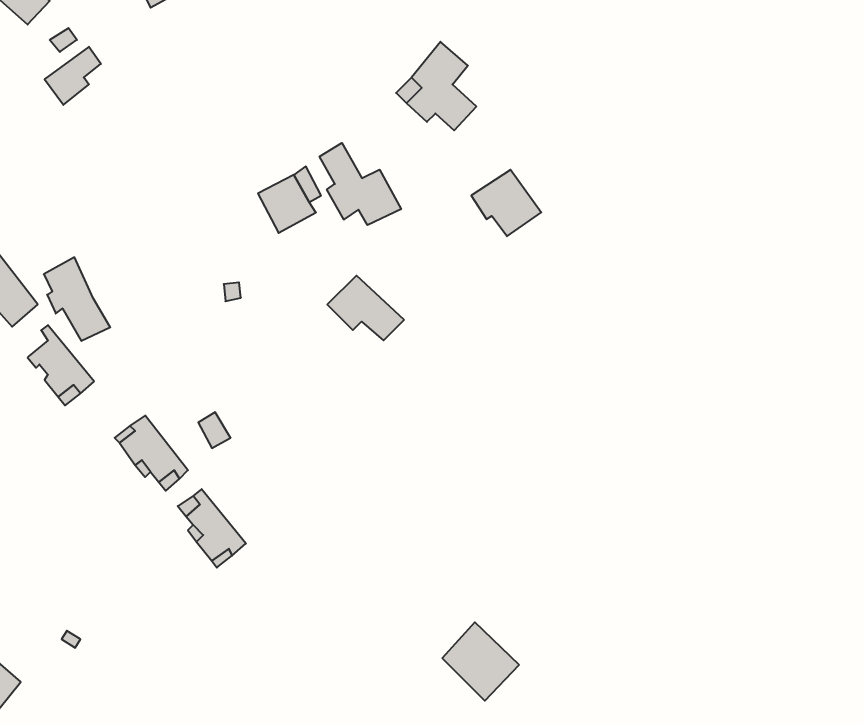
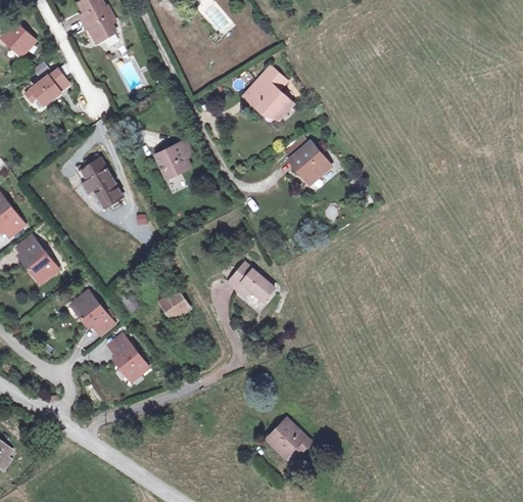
building: [320,143,401,225] -> none
building: [44,257,110,341] -> [79,156,118,207]
building: [327,276,404,340] -> [228,260,274,299]
building: none -> [160,292,187,320]

